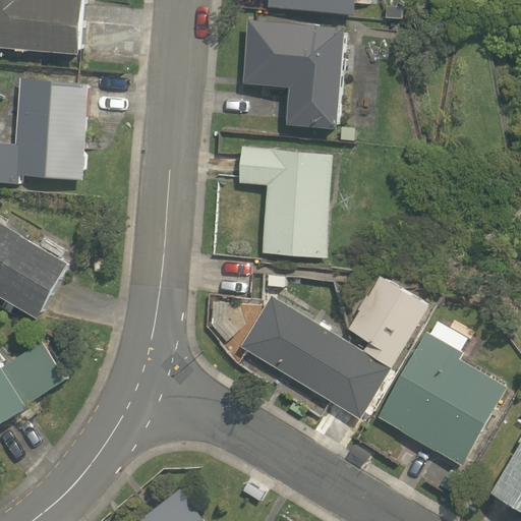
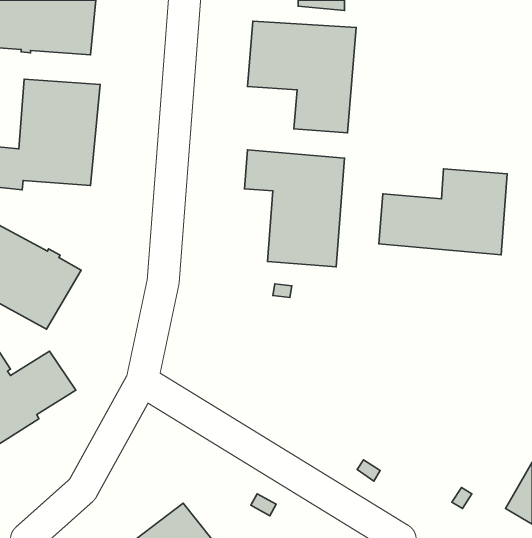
building: none -> [379,169,507,255]
building: [237,277,429,419] -> none
building: [375,332,505,466] -> none

